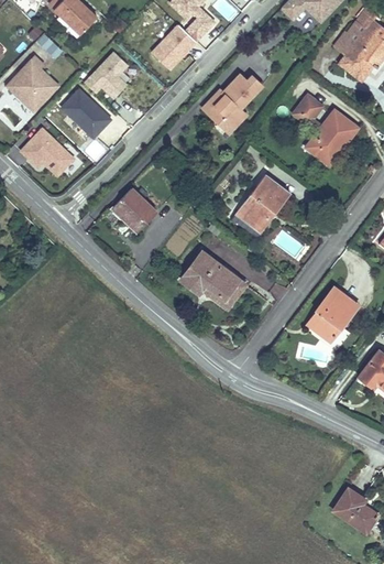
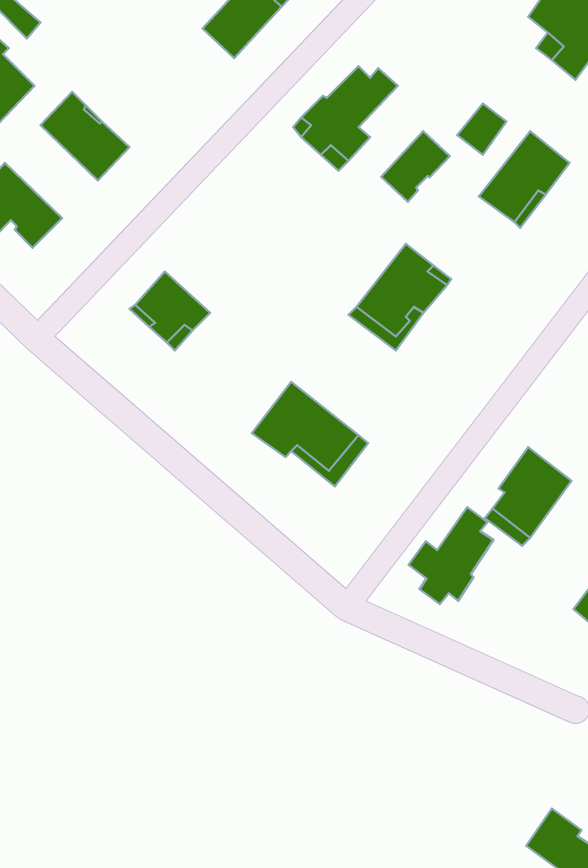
building: [85,52,128,98] -> none
building: none -> [381,131,450,202]
building: none -> [409,507,493,604]

